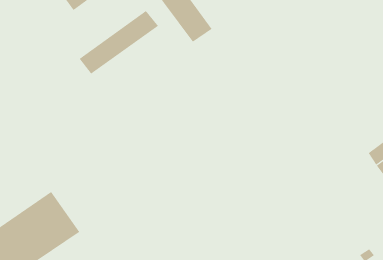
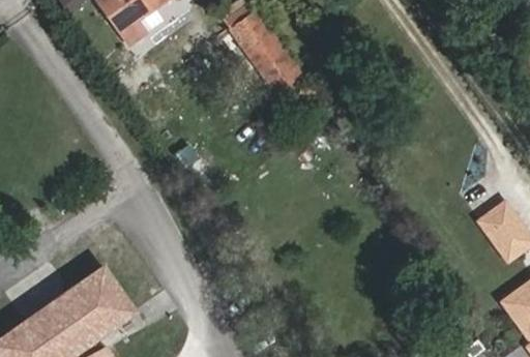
building: [79,10,159,74] -> none

